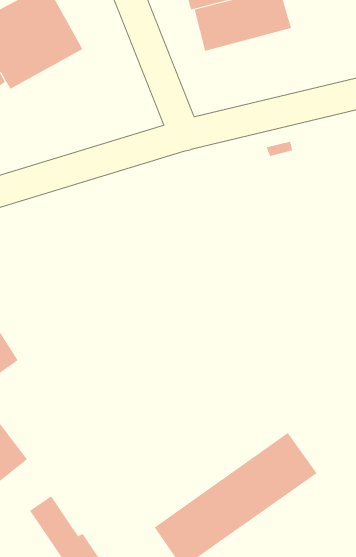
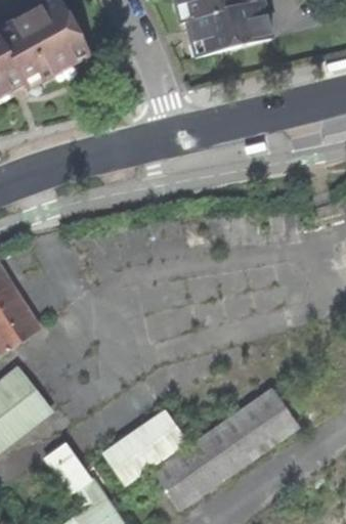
building: none -> [103,409,185,481]

